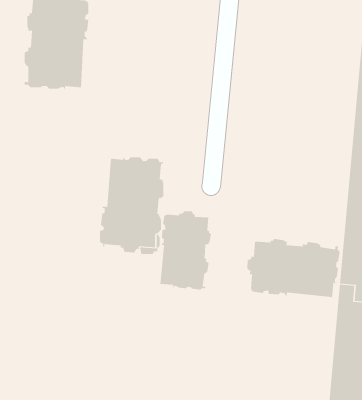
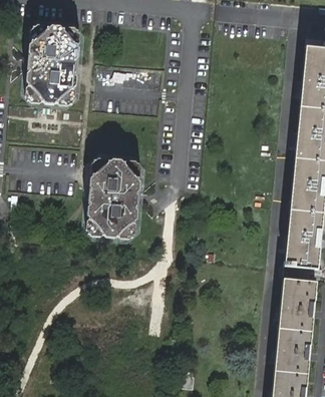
building: [160,210,211,290] -> none
building: [247,238,340,298] -> none

